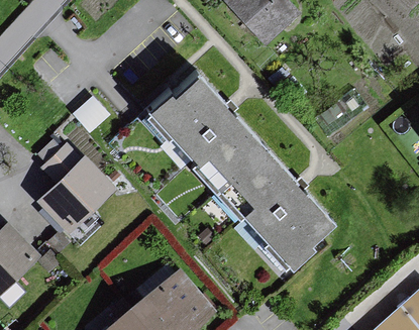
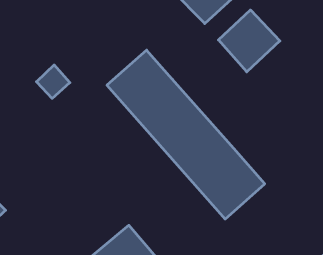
building: none -> [218,10,280,72]
building: [40,143,114,233] -> none

